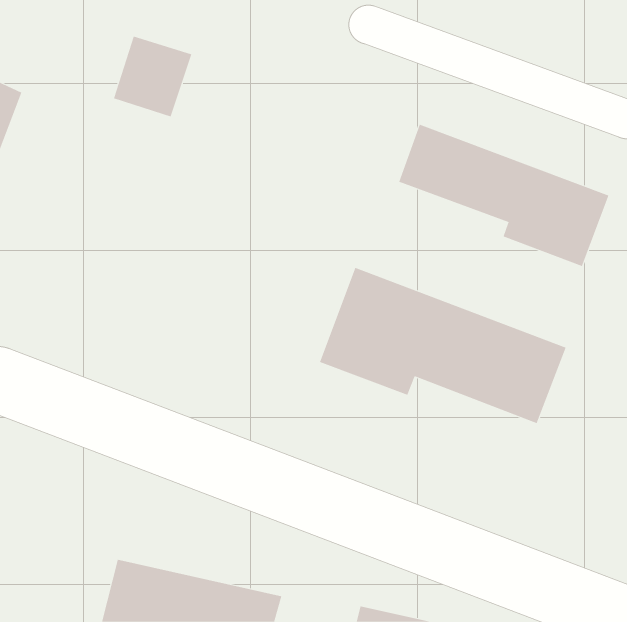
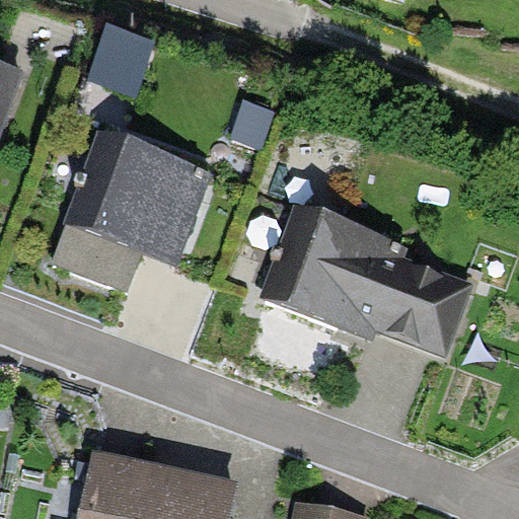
building: [398,124,609,267] -> none
building: none -> [55,151,205,289]

